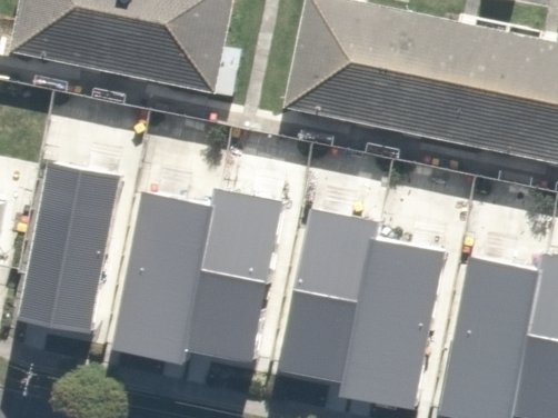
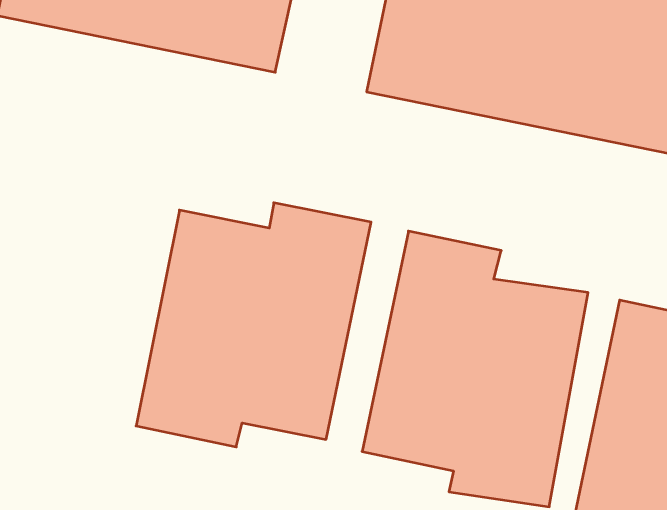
building: [19,165,122,338] -> none

